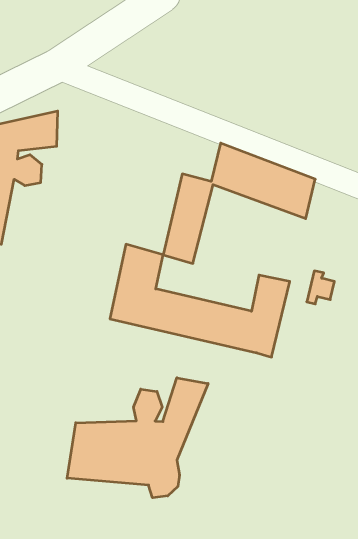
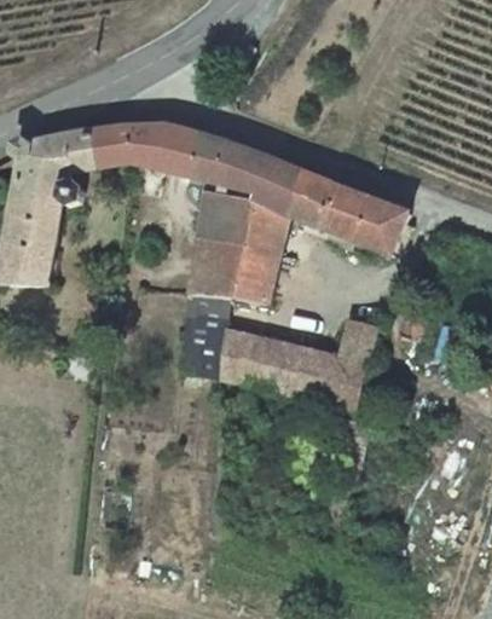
building: none -> [112,125,299,291]
building: [67,378,208,498] -> none

